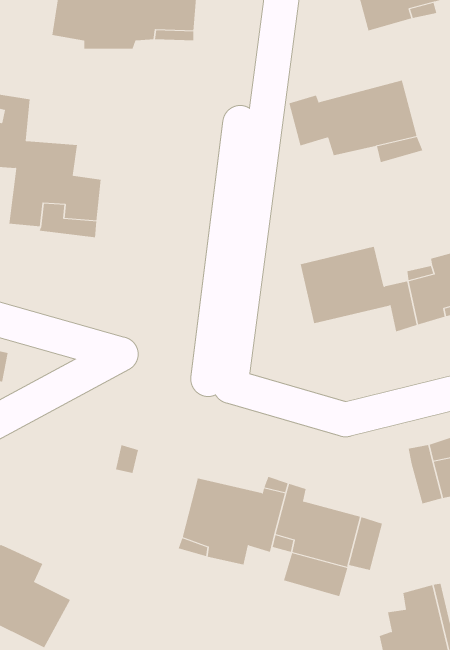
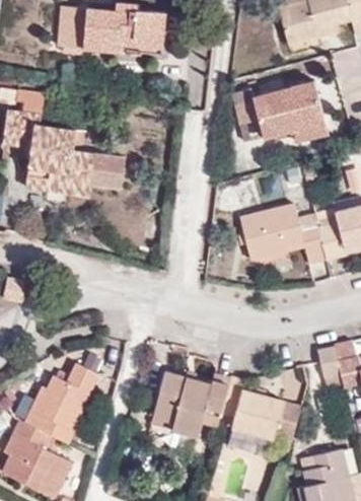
building: none -> [91,154,125,188]
building: none -> [25,362,99,443]

